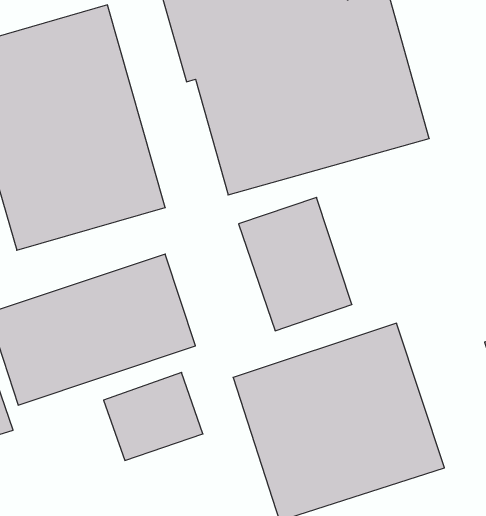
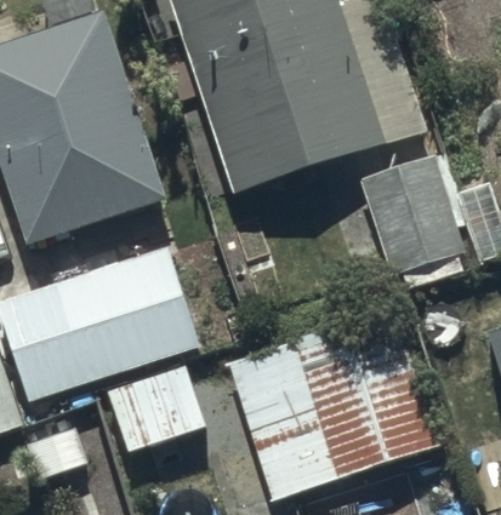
building: [239,197,352,331] -> [355,147,465,275]

